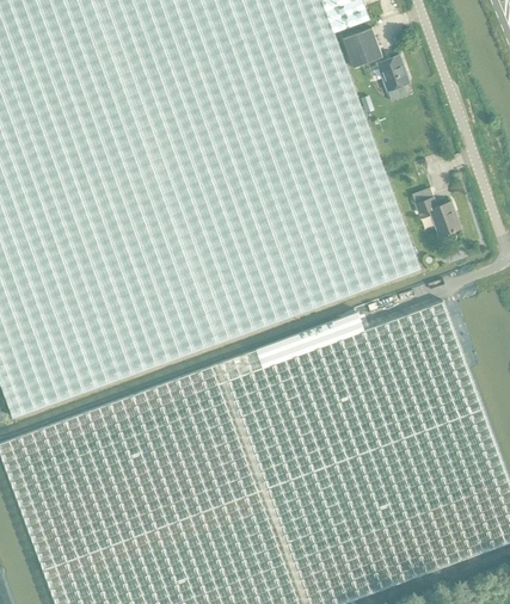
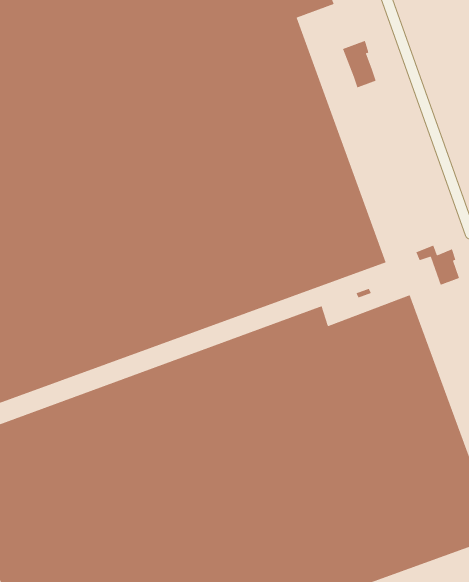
building: [342,27,382,67] -> none
building: [414,197,457,236] -> [415,245,460,286]

